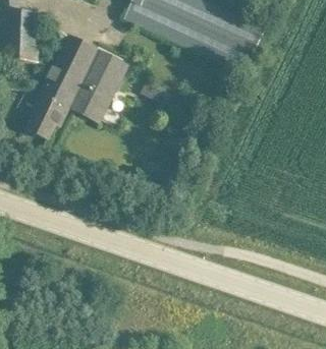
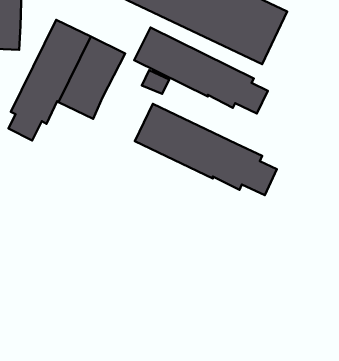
building: none -> [134,28,268,114]
building: none -> [135,104,277,195]

